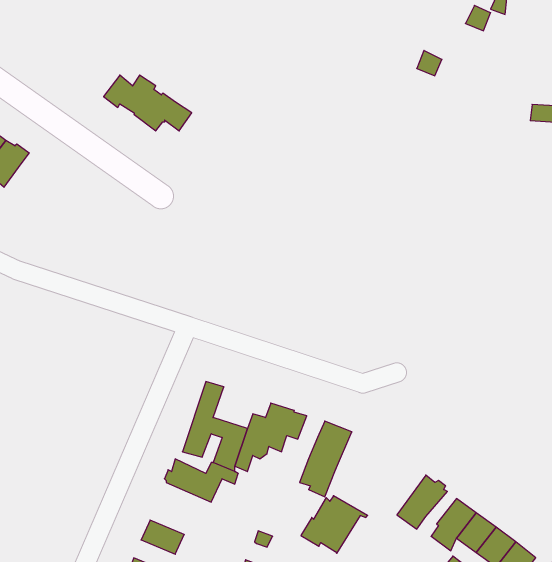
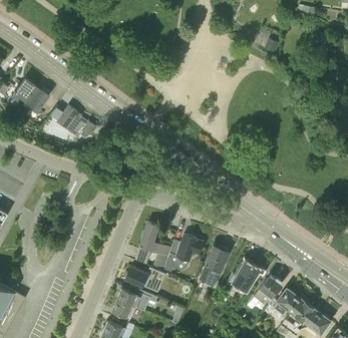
building: [104,75,192,131] -> [48,106,97,137]
building: none -> [116,286,157,312]
building: [301,496,368,553] -> [227,261,264,293]

